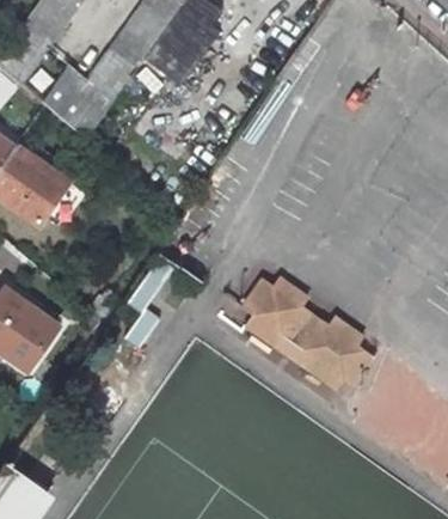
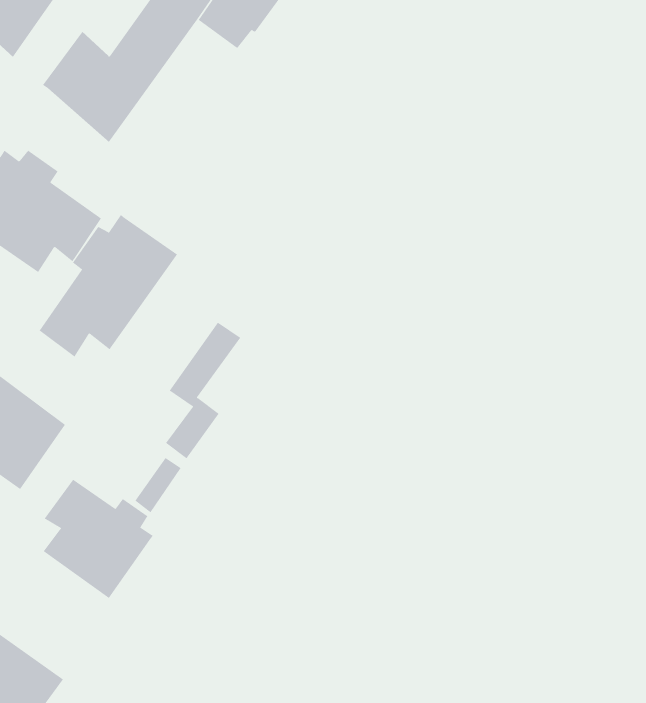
building: none -> [39,214,178,358]
building: [240,276,373,387] -> none
building: none -> [43,479,154,599]

